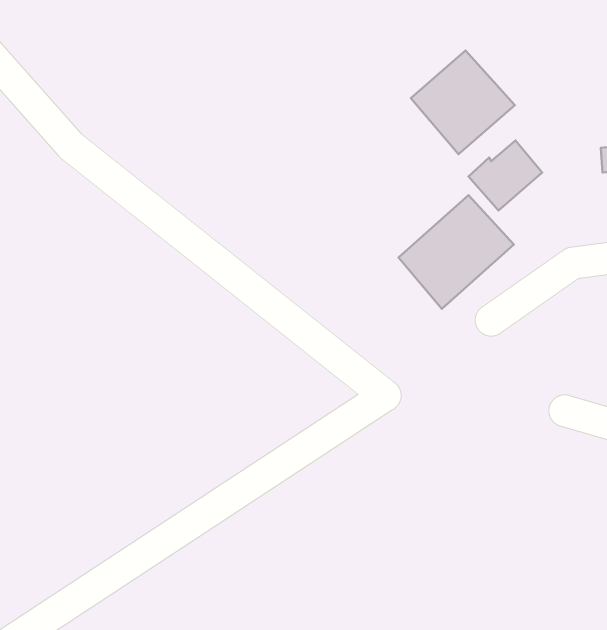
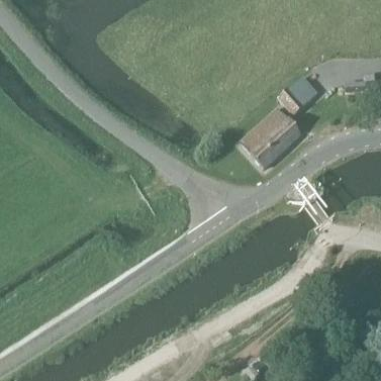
building: [411,50,515,154] -> none

